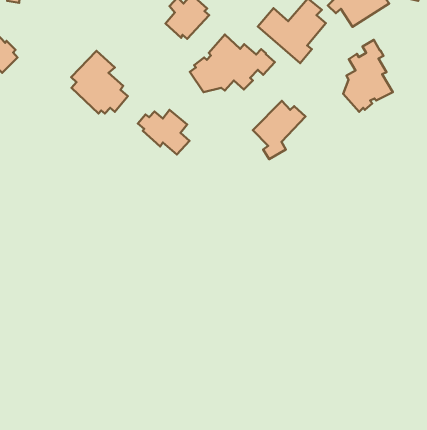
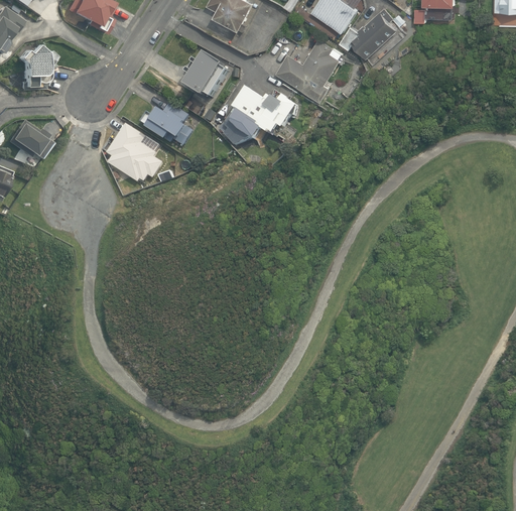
building: [343,40,393,112] -> none
building: [253,101,305,159] -> none
building: [138,110,190,154] -> [140,103,192,144]

